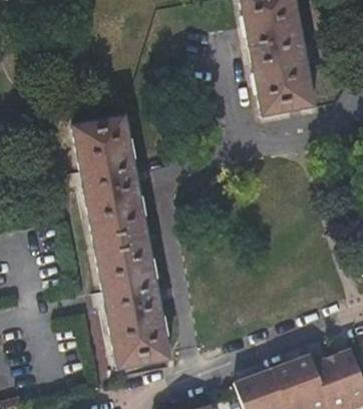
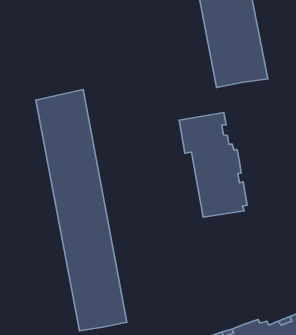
building: none -> [179,113,247,217]

